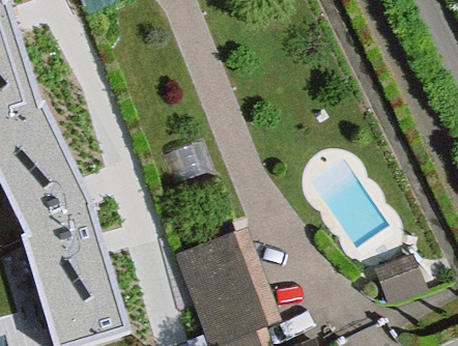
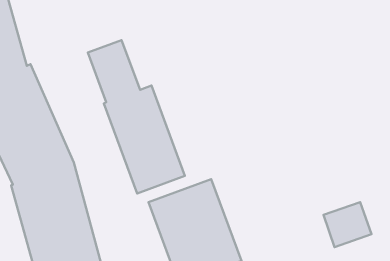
building: none -> [88,40,185,194]

